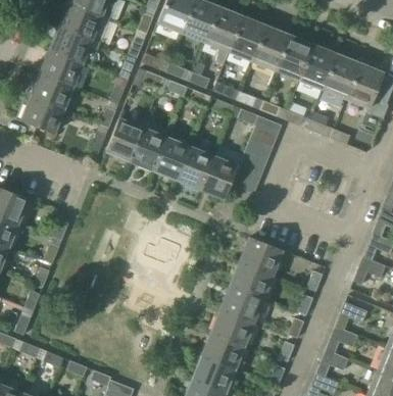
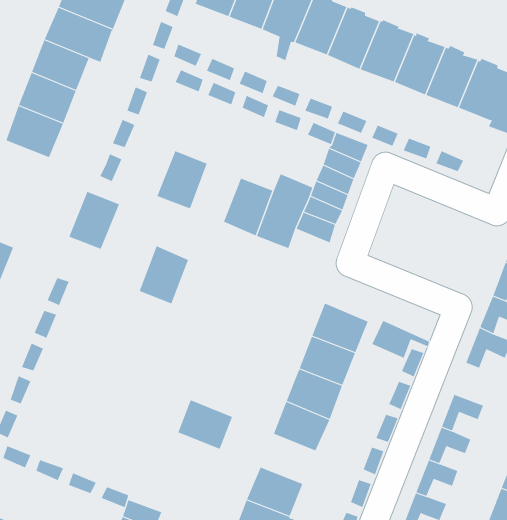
building: [106,119,143,161] -> [68,191,120,250]
building: [154,138,190,180] -> [139,246,189,304]
building: [204,332,244,367] -> [177,400,233,449]

